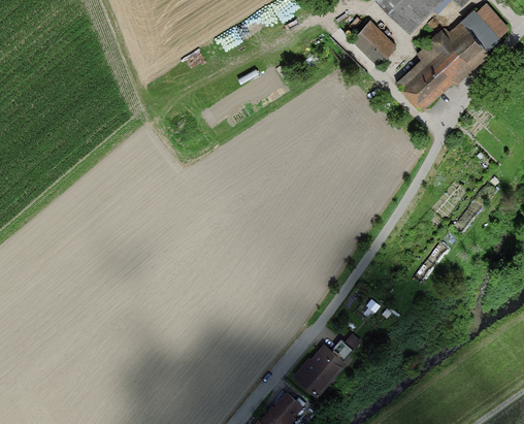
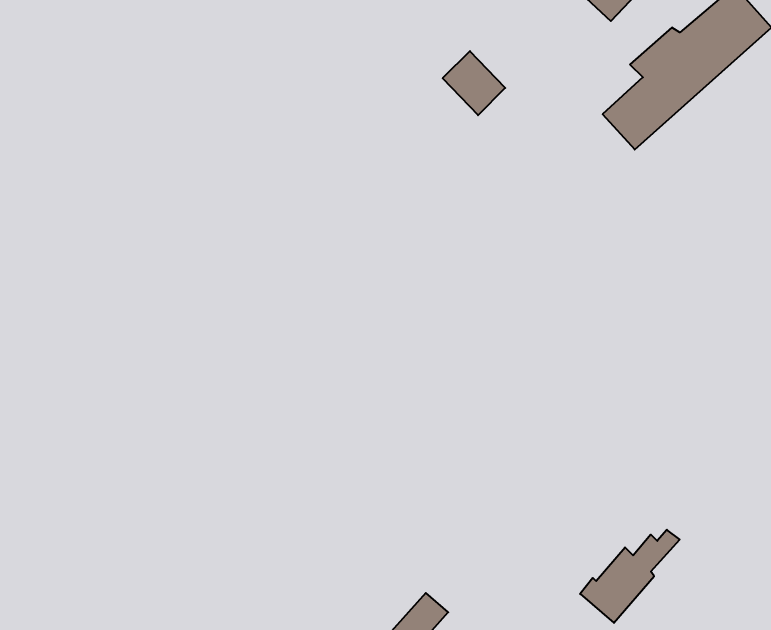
building: [353,24,393,65] -> [443,51,505,115]
building: [296,336,360,396] -> [580,530,680,623]

